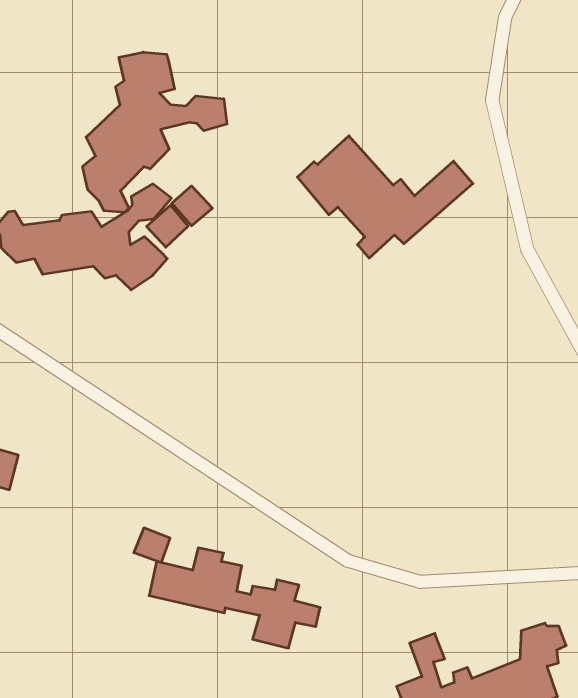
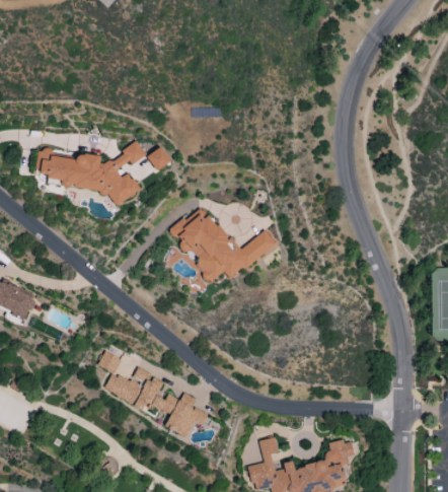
building: [83,52,227,213] -> none
building: [297,136,473,258] -> [170,207,277,283]

